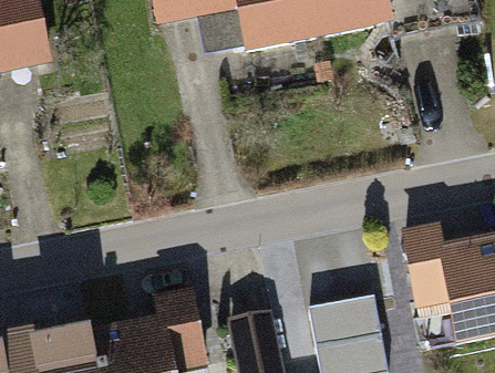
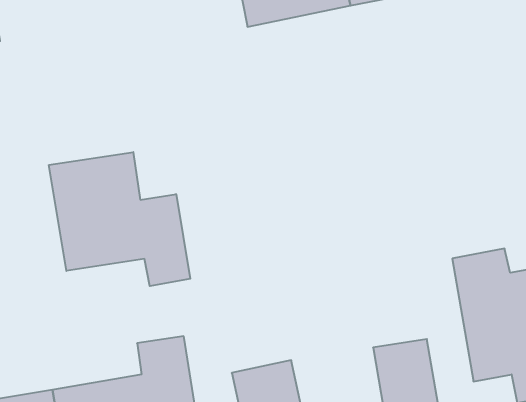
building: none -> [49,152,190,286]

